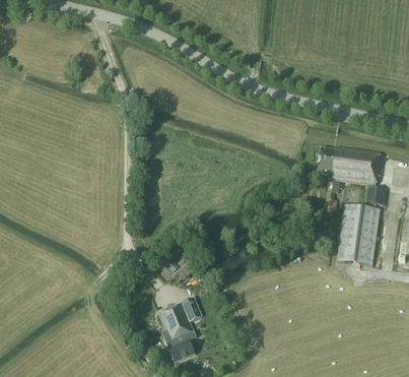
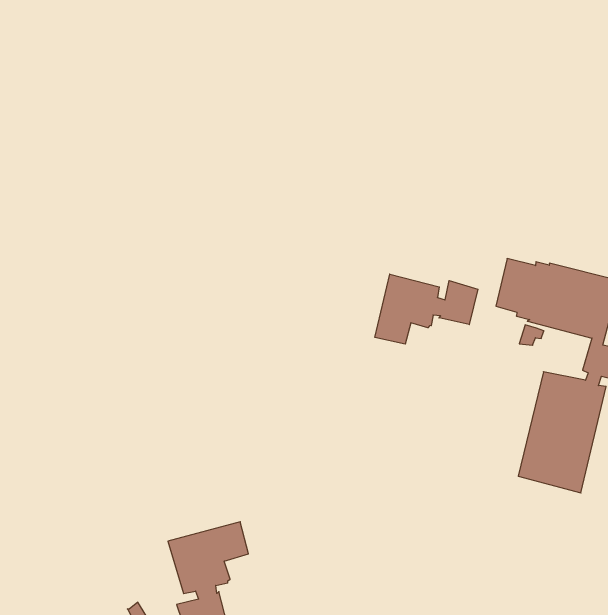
building: none -> [375,274,478,344]

